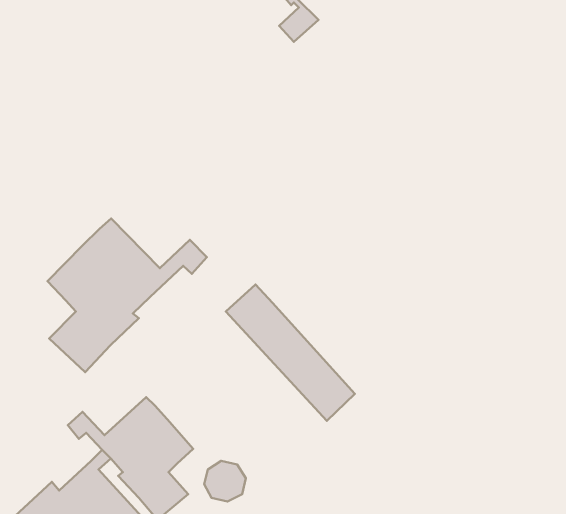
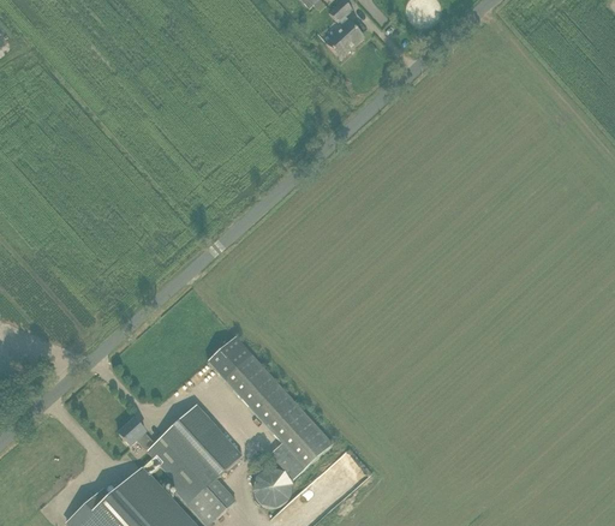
building: [47,219,207,372] -> none
building: [226,284,355,421] -> [207,335,333,468]

